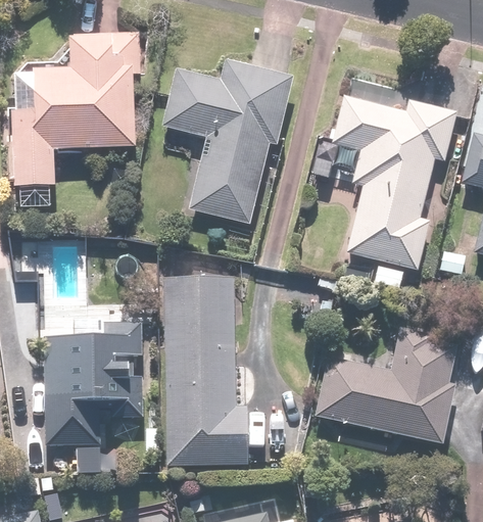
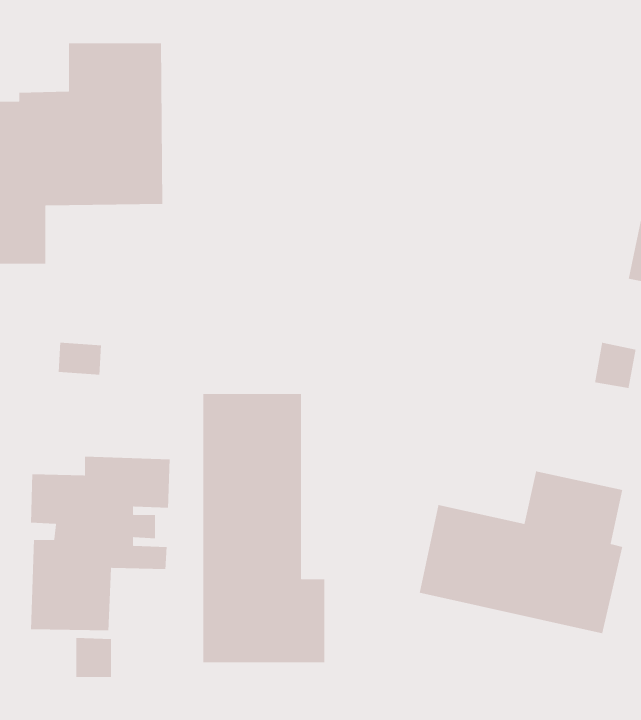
building: [164,60,291,224] -> none
building: [310,97,456,273] -> none

